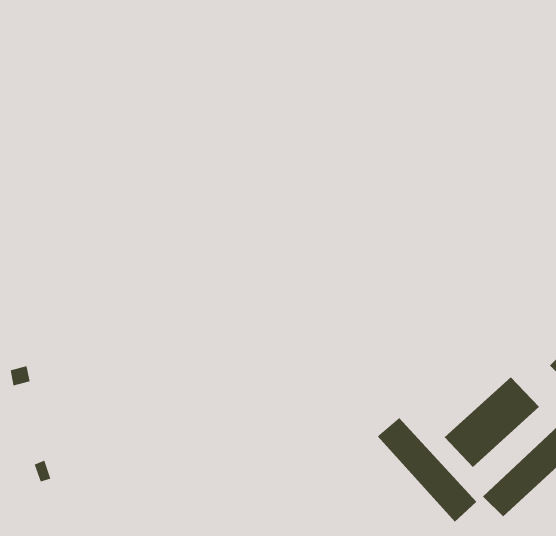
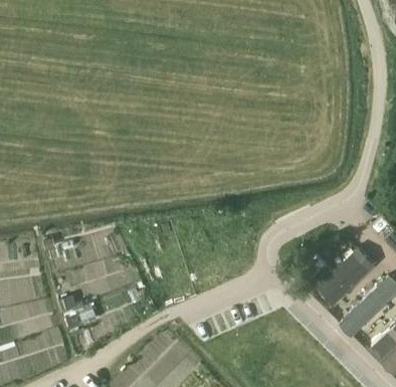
building: [377,417,477,522] -> none

